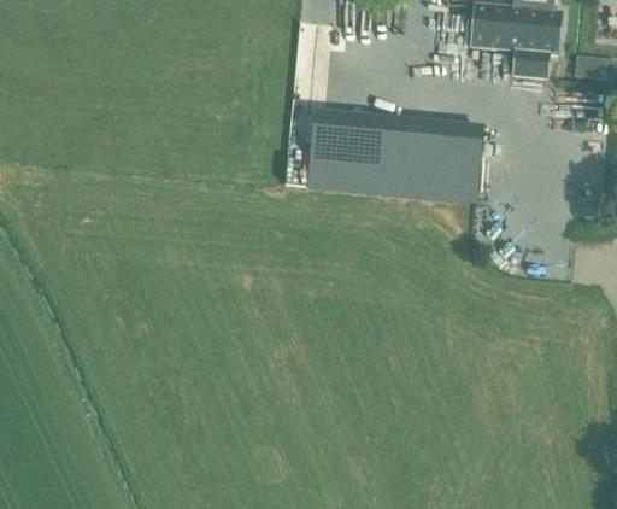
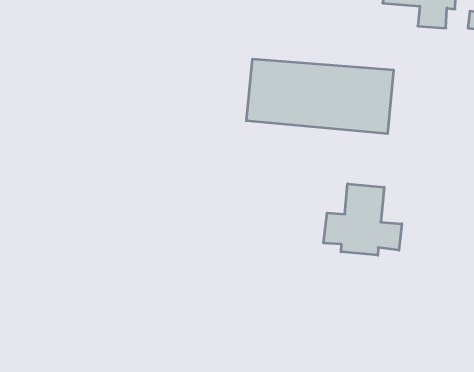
building: none -> [324,184,402,255]

